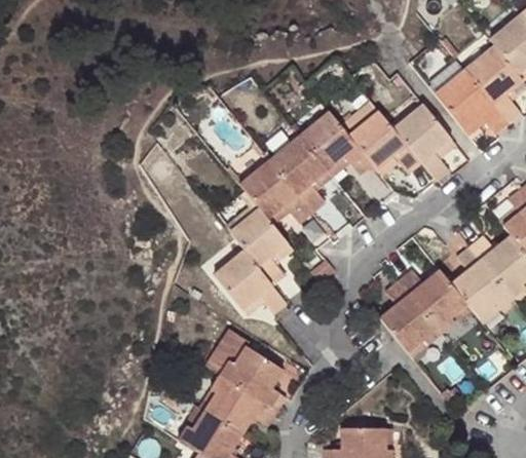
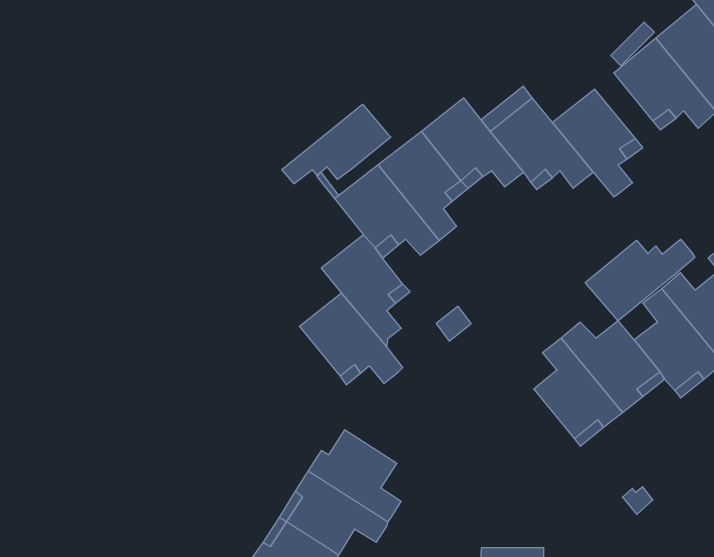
building: none -> [282,104,391,184]
building: none -> [585,239,695,321]
building: [206,329,250,375] -> none

